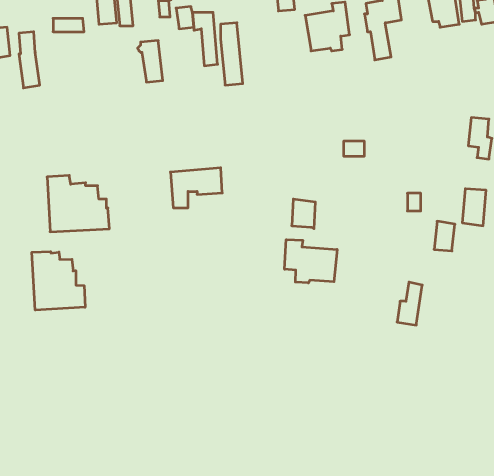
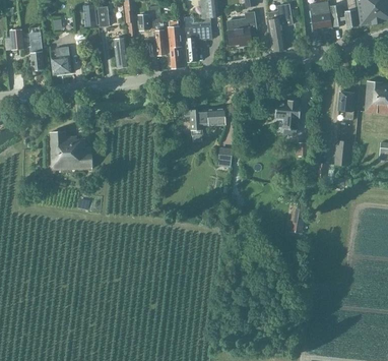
building: none -> [185,24,212,61]
building: none -> [52,46,72,74]
building: none -> [275,99,301,129]
building: [170,168,222,208] -> [190,107,225,134]
building: [285,240,337,283] -> none
building: [32,252,85,310] -> none

